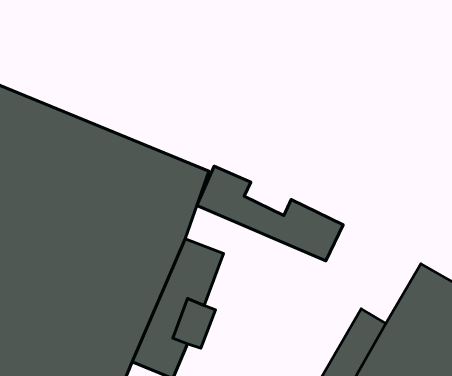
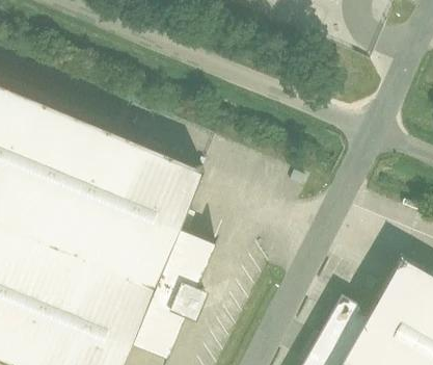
building: [197,166,343,261] -> none

